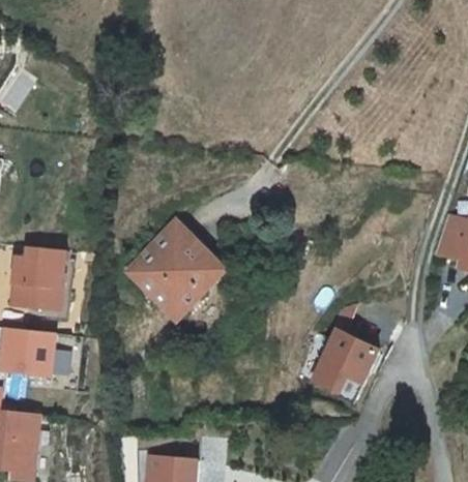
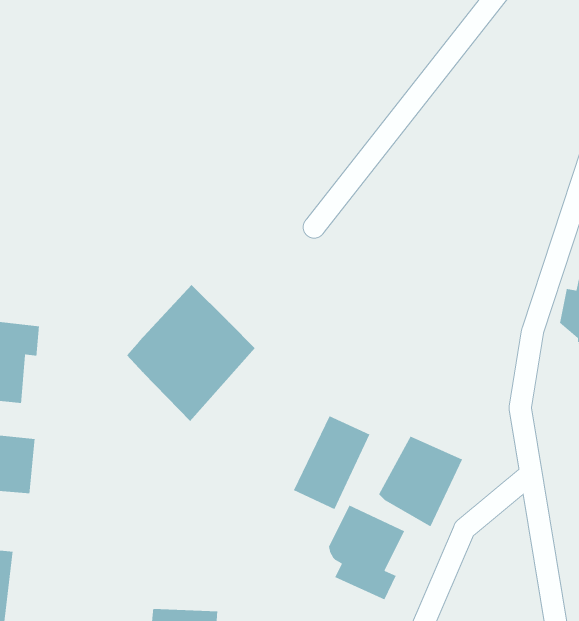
building: none -> [293,415,370,510]
building: none -> [328,504,405,601]

